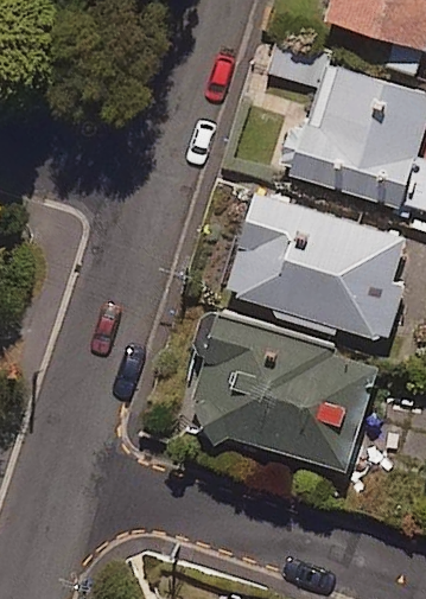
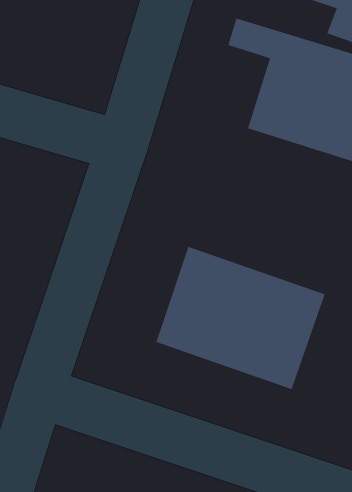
building: [225,193,406,343] -> none

